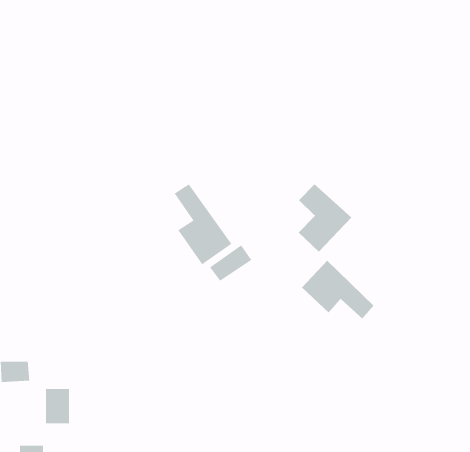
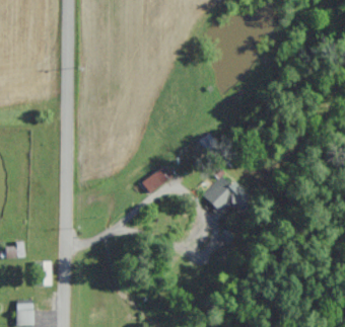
building: [174,183,232,265] -> none
building: [298,184,352,252] -> none

